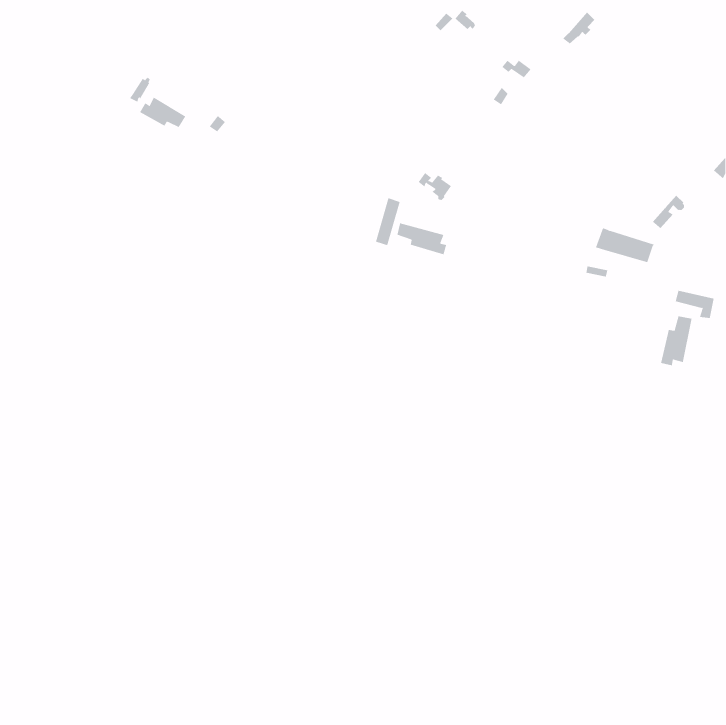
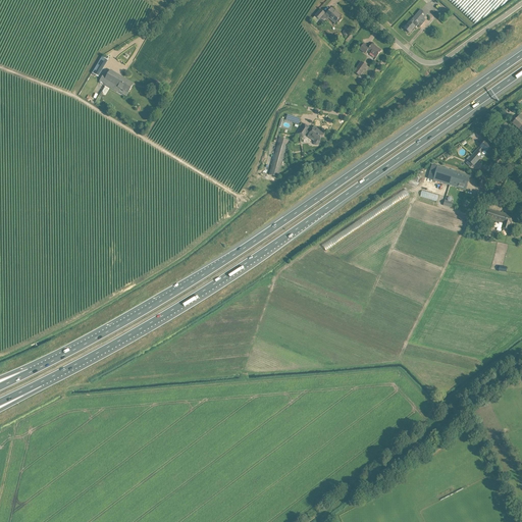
building: [397,223,447,255] -> none
building: [660,316,692,366] -> none

